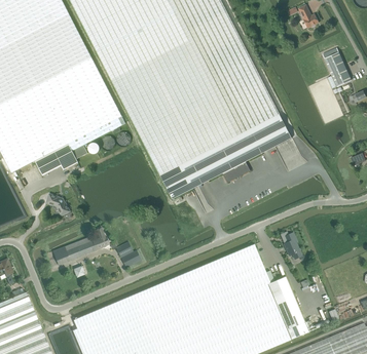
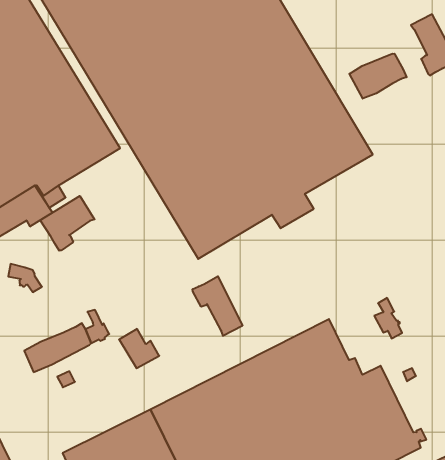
building: none -> [349,54,407,99]
building: none -> [40,196,95,251]
building: none -> [193,276,242,336]

